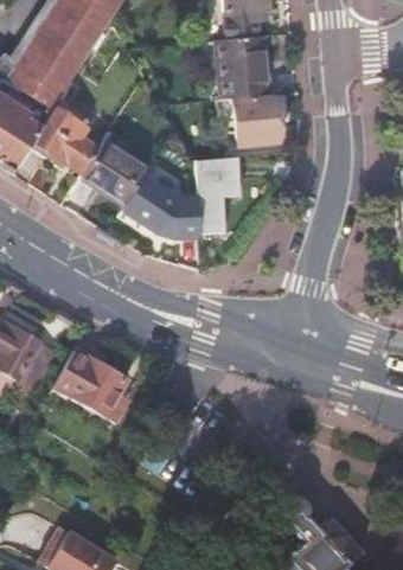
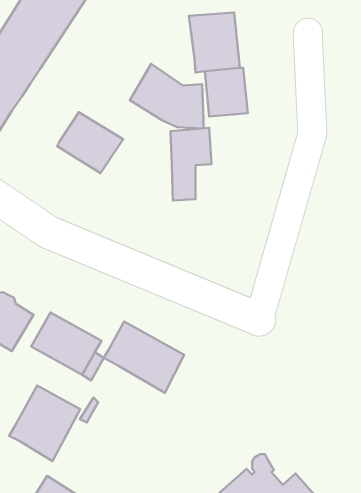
building: [33,95,110,171] -> none
building: [124,174,202,242] -> [130,64,203,128]
building: none -> [104,321,184,393]
building: none -> [9,385,80,461]

